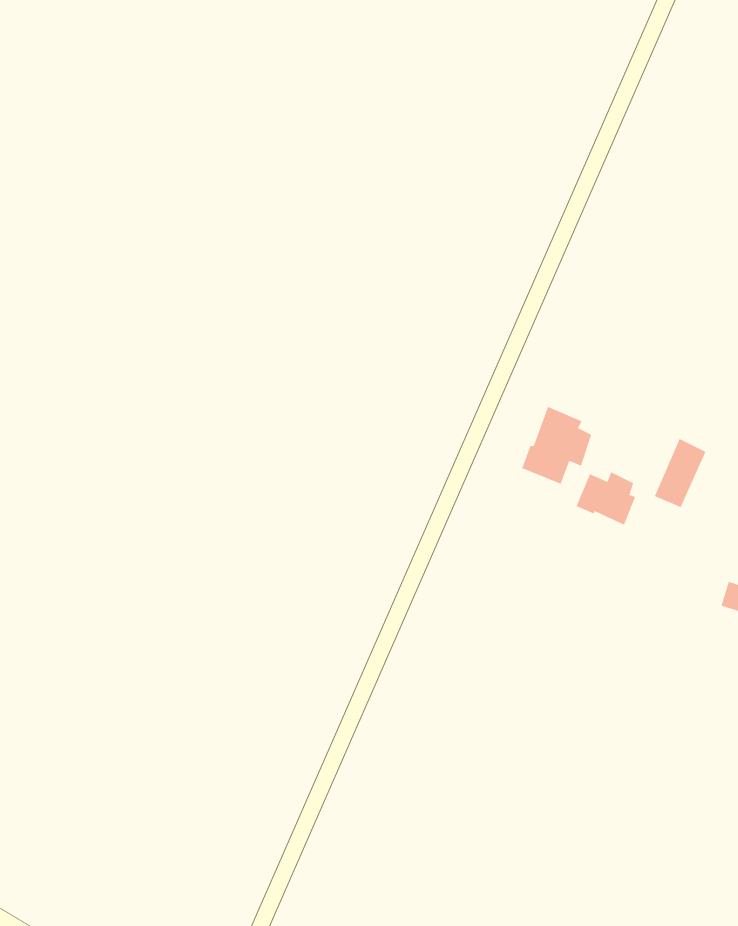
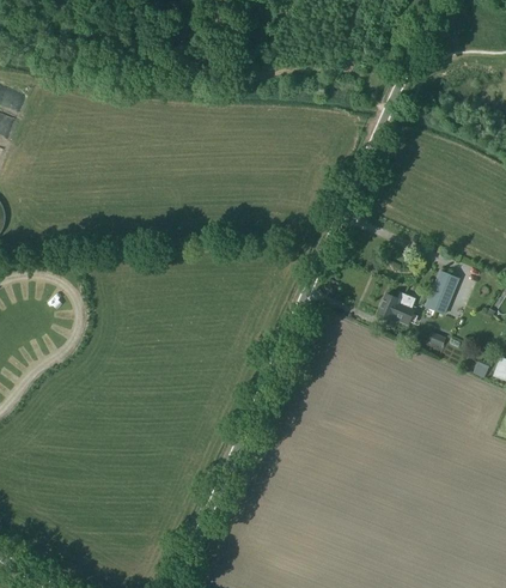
building: [521,406,592,485] -> none

